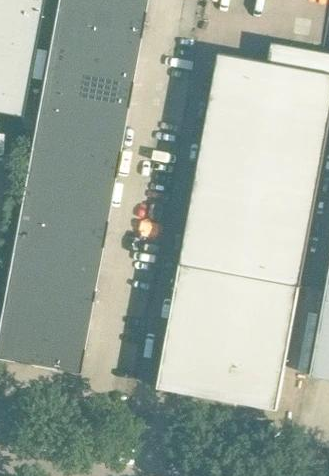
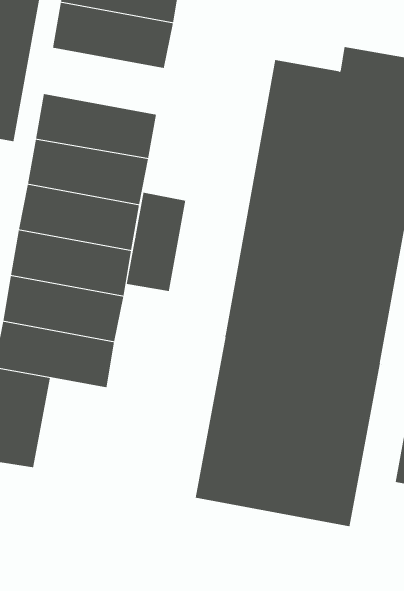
building: [42,44,135,95] -> none
building: none -> [126,192,186,292]
building: [35,296,91,373] -> none

